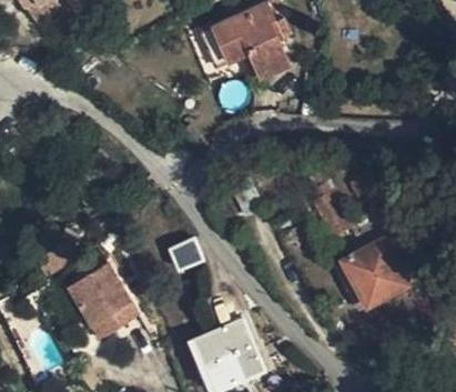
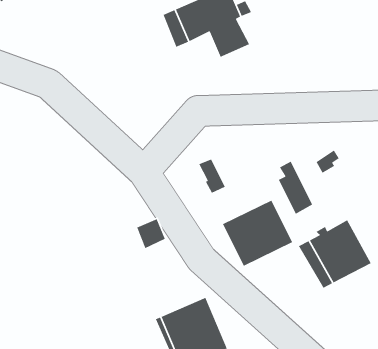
building: none -> [222,199,293,267]
building: [69,262,134,335] -> none

